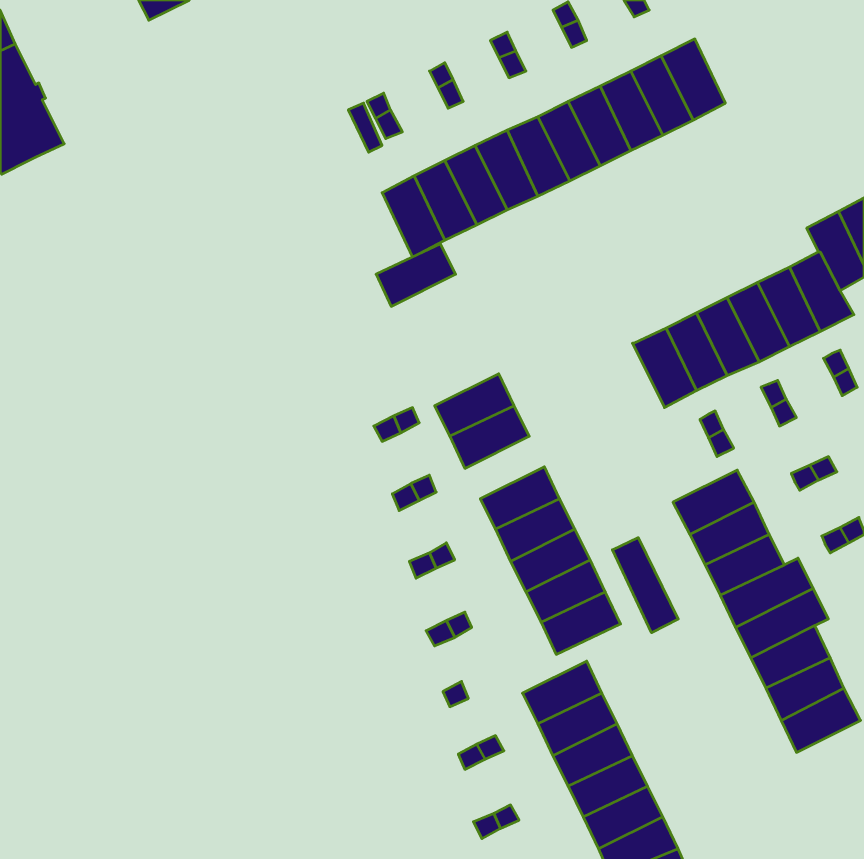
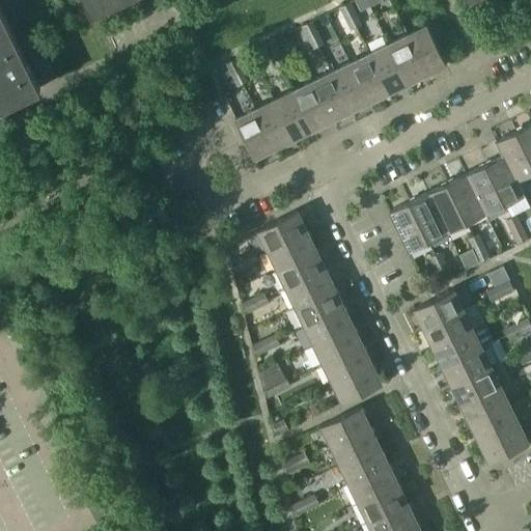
building: [376,244,456,306] -> [257,214,306,252]
building: none -> [285,271,334,309]
building: [612,538,678,633] -> none

